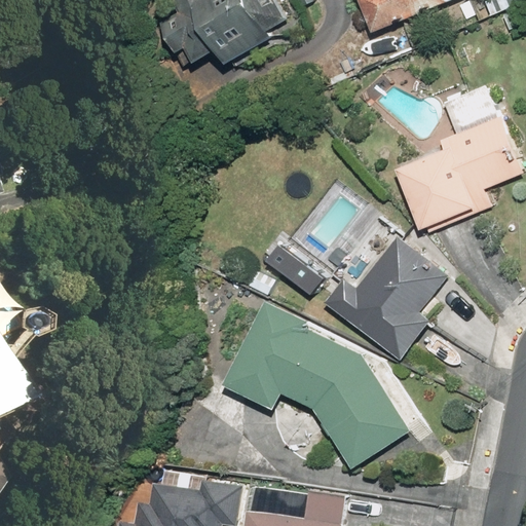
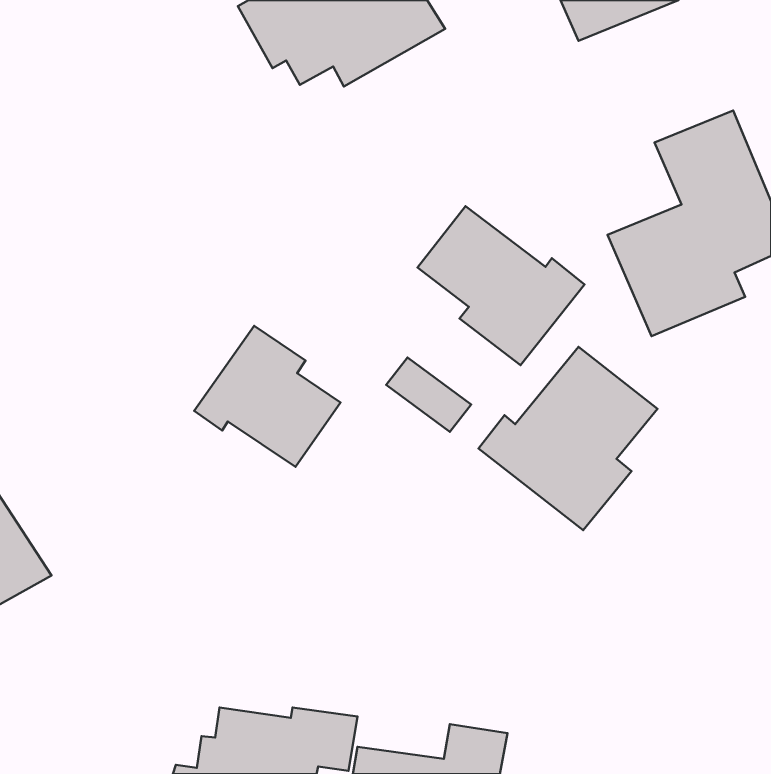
building: none -> [417,206,585,365]
building: none -> [194,326,340,467]
building: [216,302,409,472] -> none

